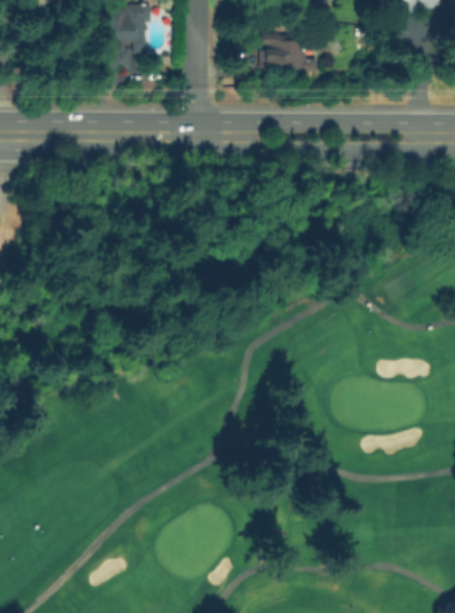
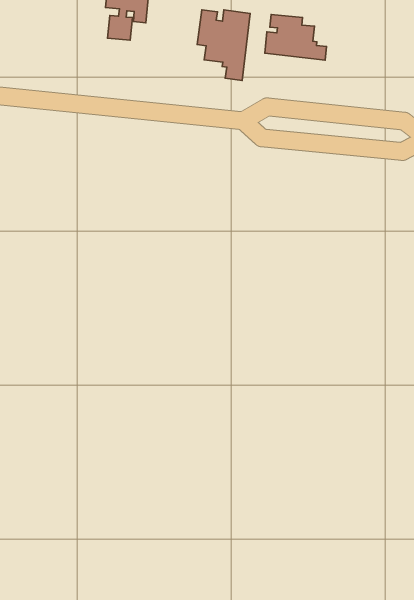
building: none -> [197,10,250,81]

